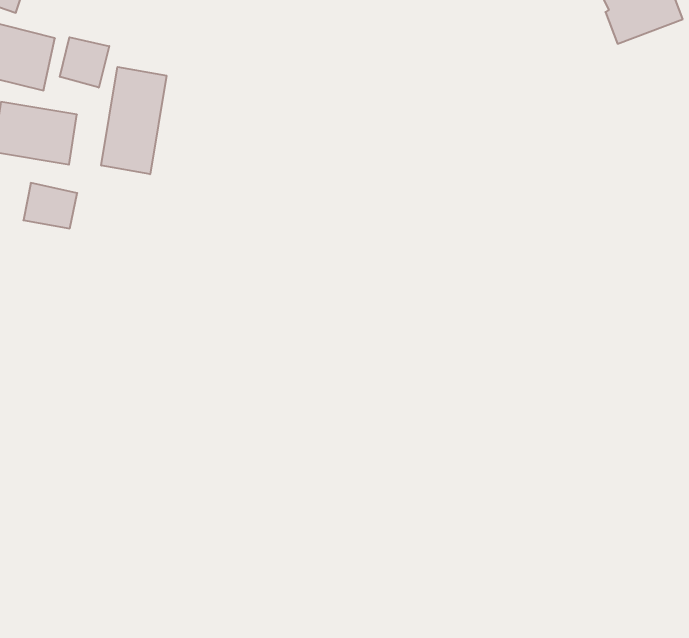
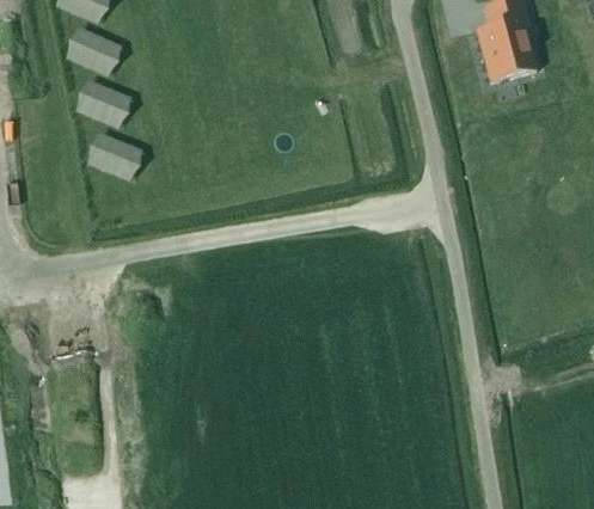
building: [60,37,109,88] -> none
building: [101,67,166,174] -> none

